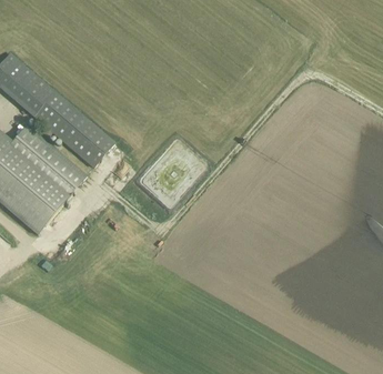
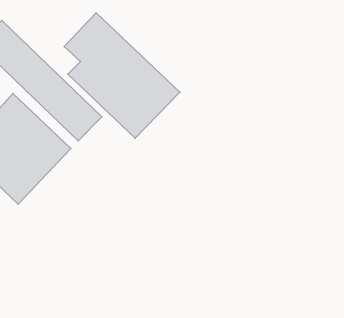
building: none -> [64,13,180,138]

